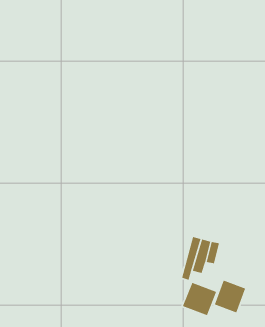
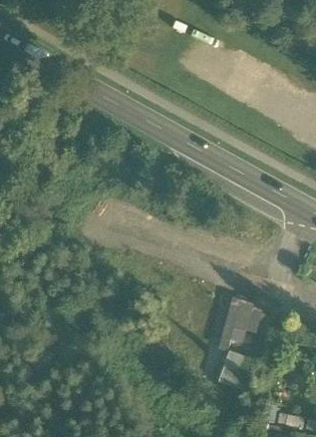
building: [214,279,246,314] -> none

